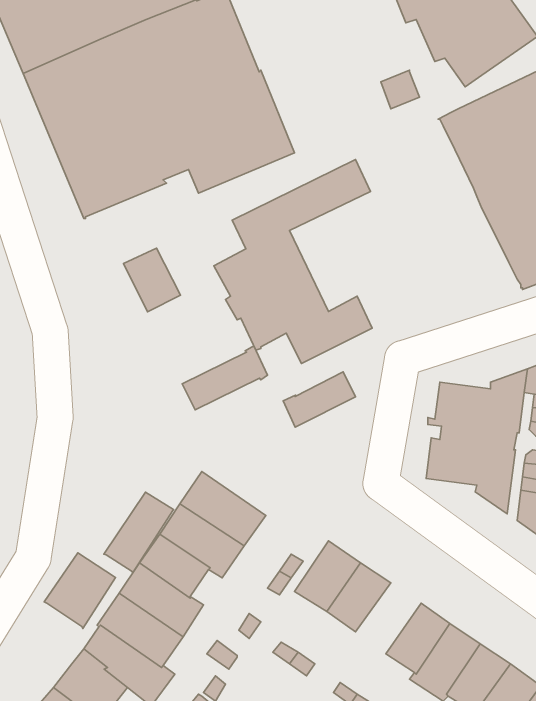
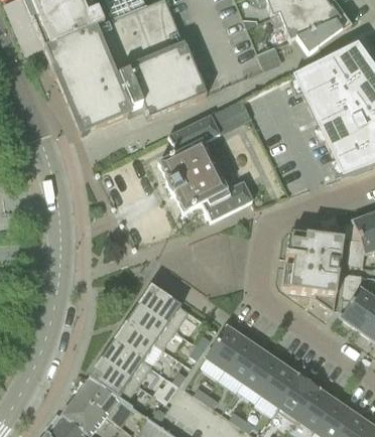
building: [123,248,181,312] -> none
building: [182,346,268,410] -> none
building: [283,372,355,427] -> none
building: [104,492,173,573] -> none
building: [44,553,115,628] -> none
building: none -> [242,351,281,394]

